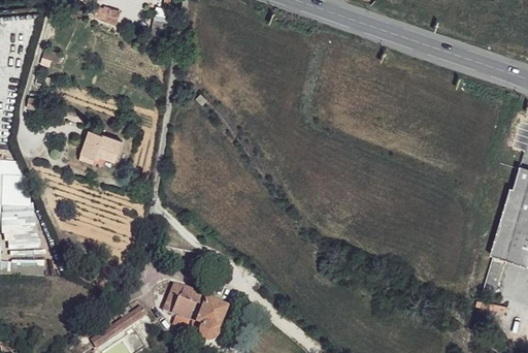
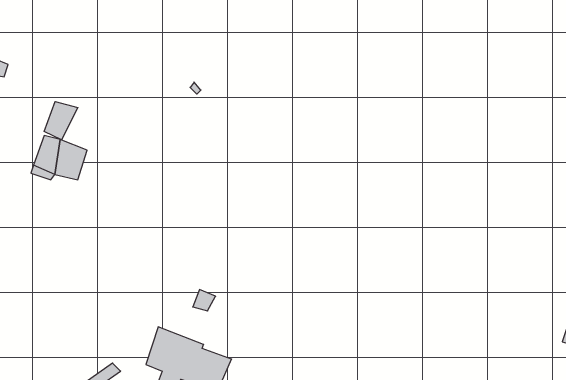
building: none -> [44,102,78,140]

